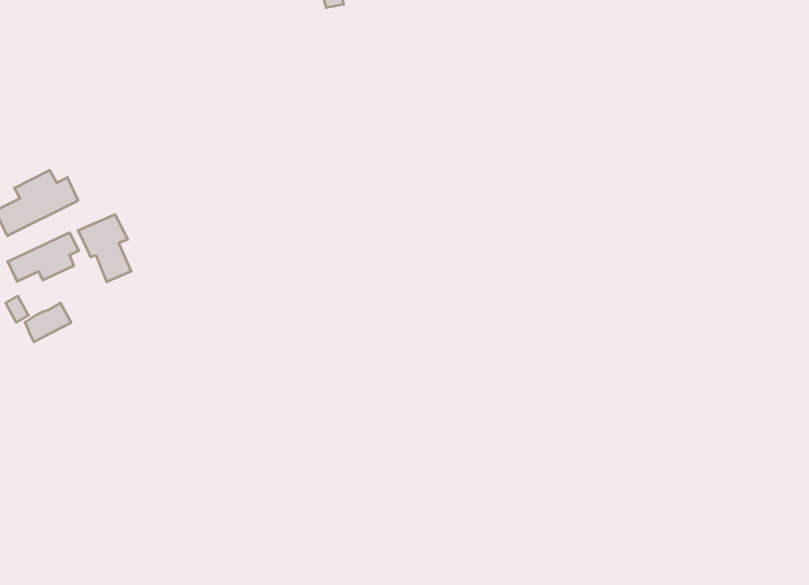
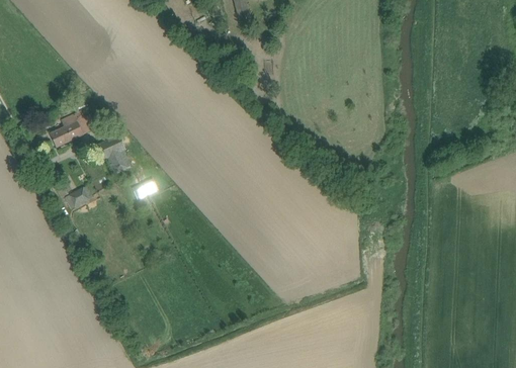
building: [8,233,79,282] -> none

